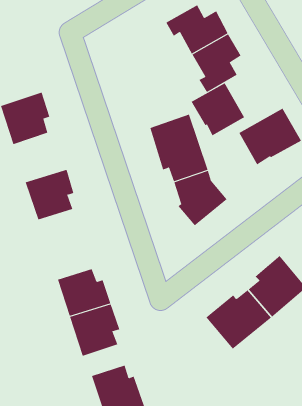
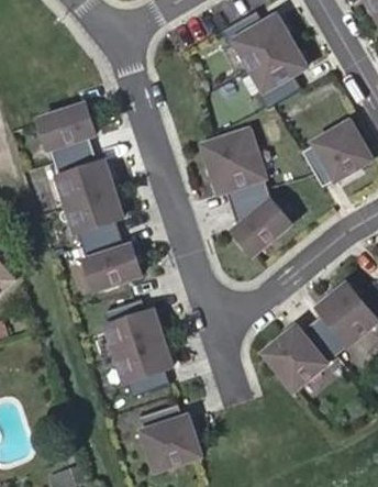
building: [191,82,245,136] -> none
building: none -> [54,151,113,204]
building: none -> [81,234,141,288]

